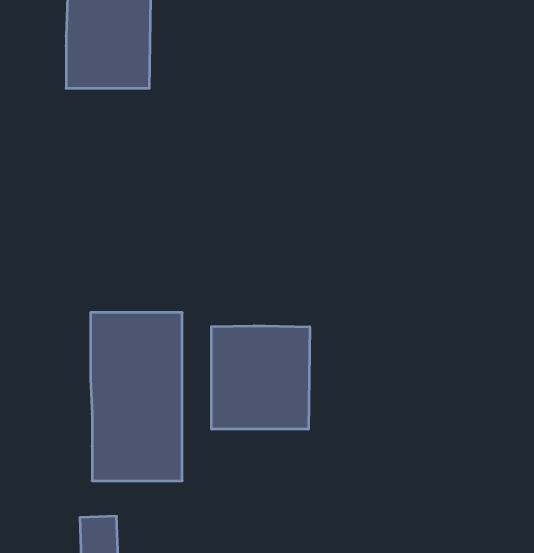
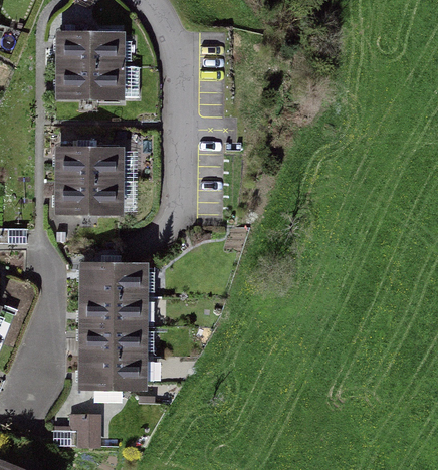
building: none -> [59,147,122,213]
building: [211,326,310,429] -> none

